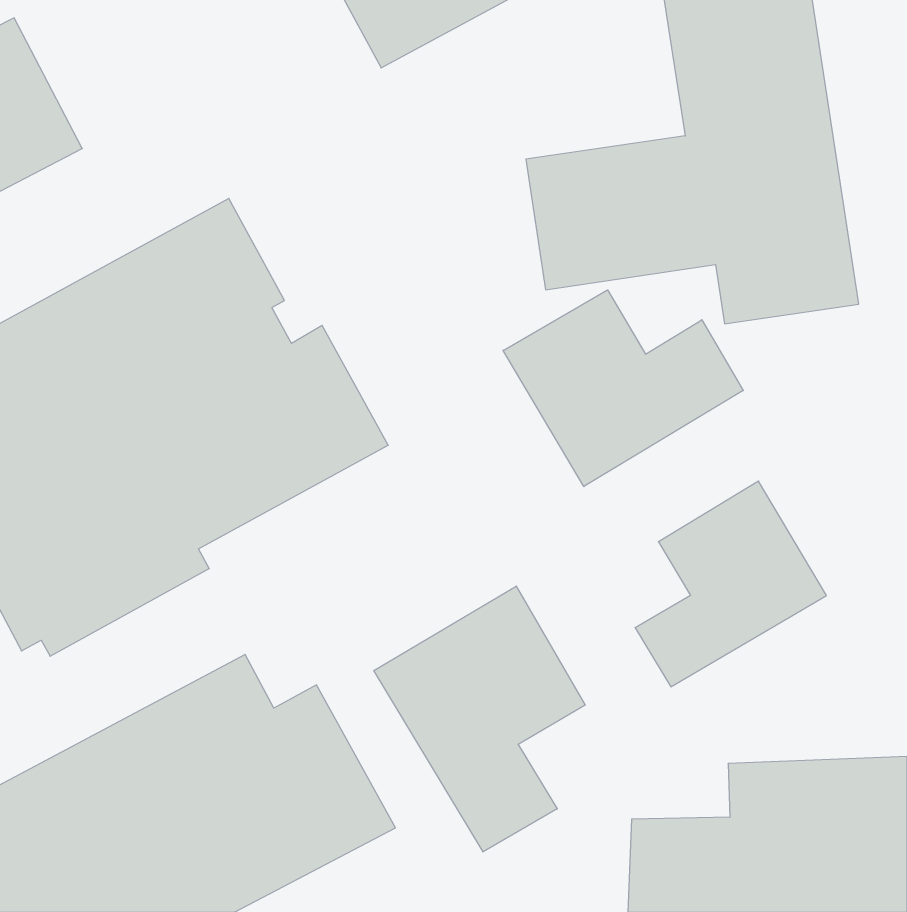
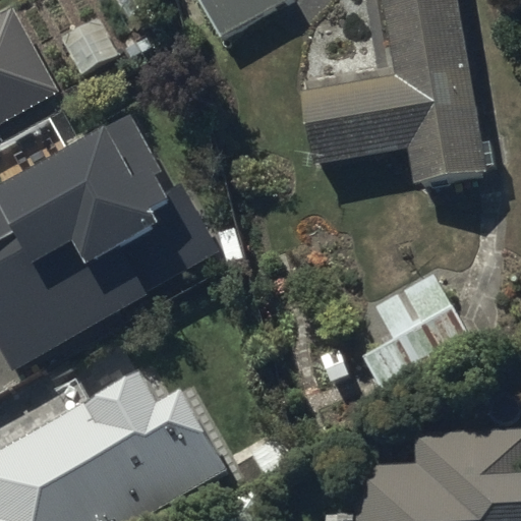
building: [503,290,743,487] -> none
building: [374,586,585,852] -> none

